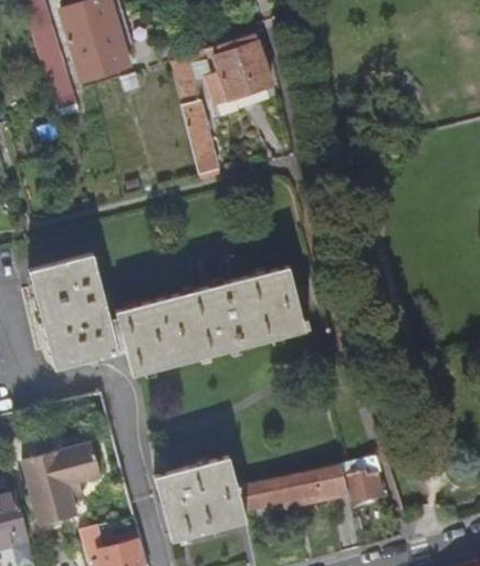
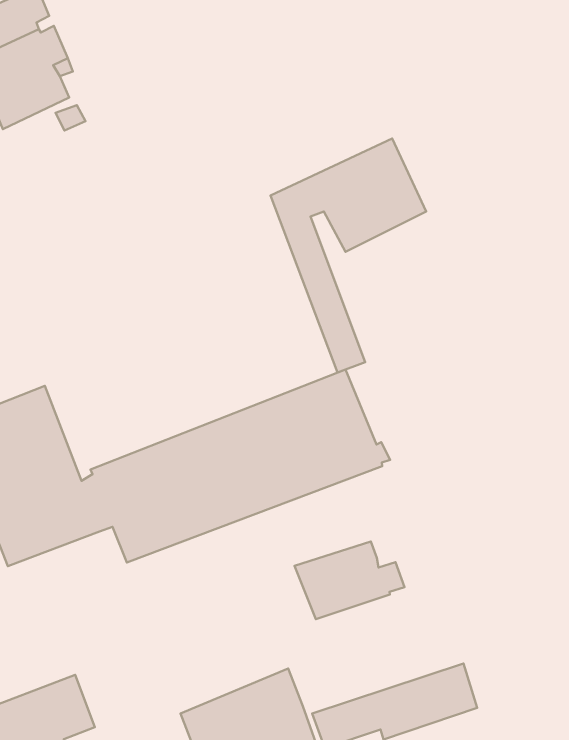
building: [171,35,271,182] -> [271,139,426,372]
building: none -> [294,541,405,619]
building: [342,457,384,504] -> none

